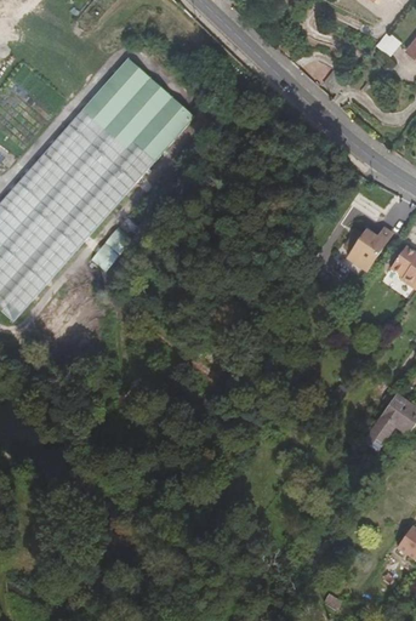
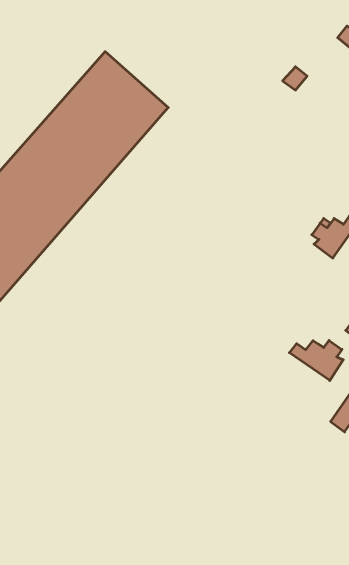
building: none -> [289,340,343,381]

